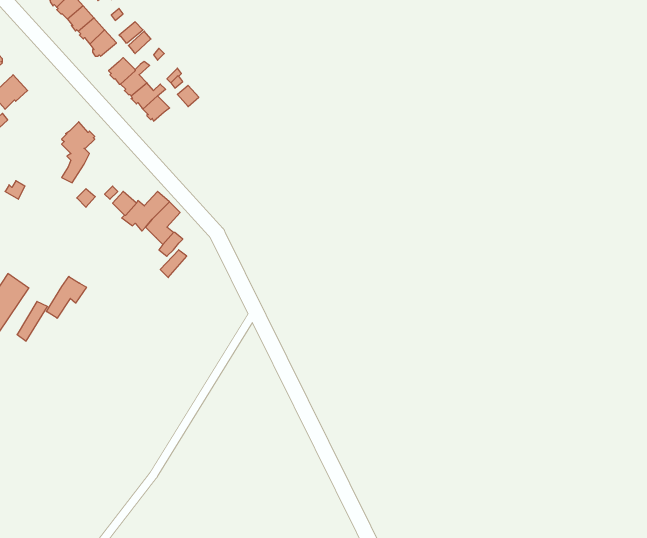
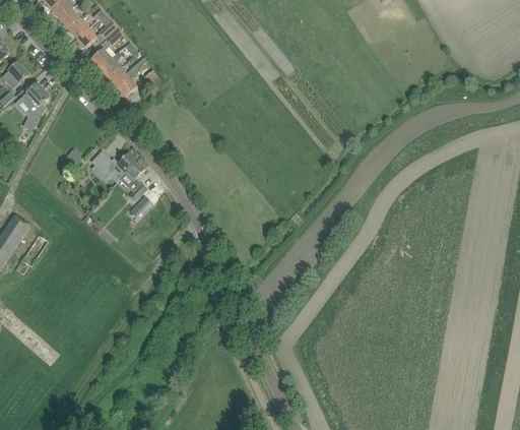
building: [62,122,95,183] -> [23,82,49,129]
building: [46,276,86,318] -> none

